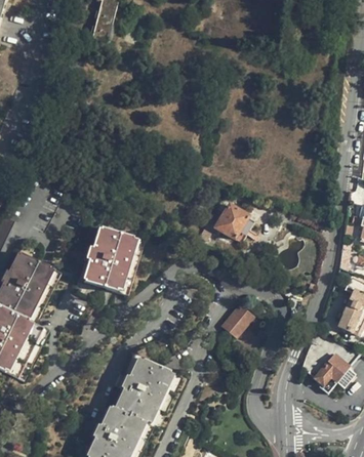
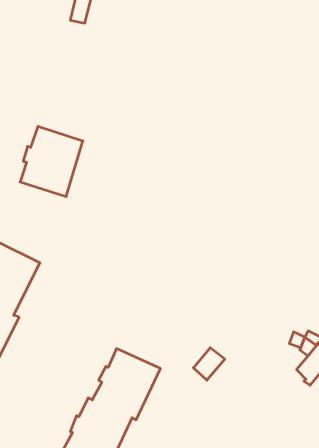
building: [195,204,253,244] -> none
building: [83,223,145,292] -> [20,126,83,197]
building: [223,305,253,337] -> [193,348,225,380]

